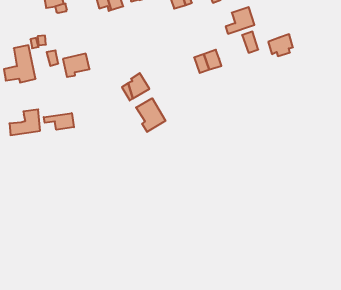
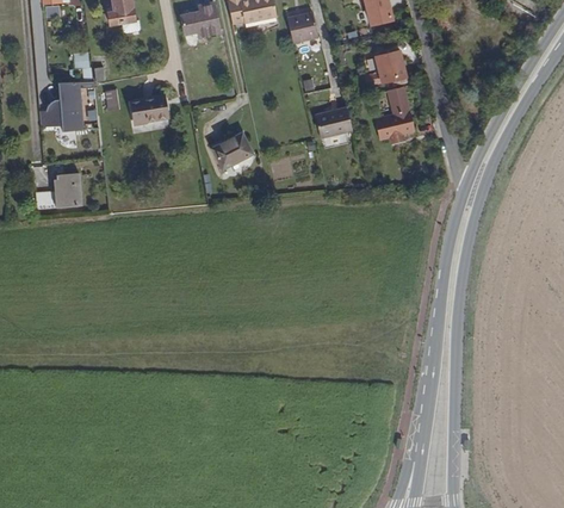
building: [268,34,293,56] -> [378,111,413,141]
building: [136,98,165,132] -> none
building: [44,113,74,130] -> none

